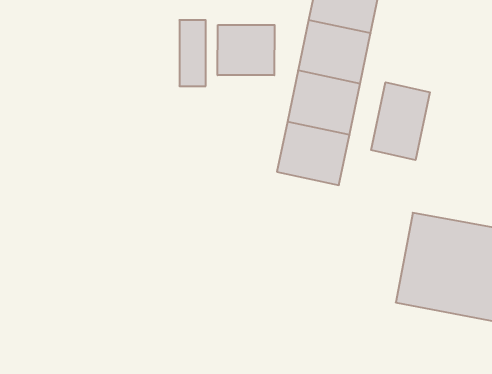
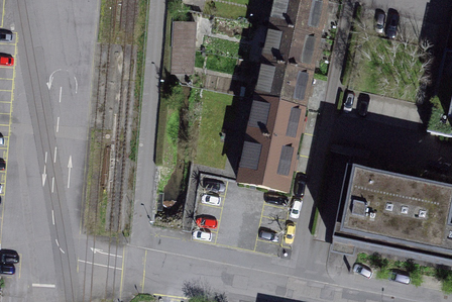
building: [218,25,275,75] -> none
building: [371,82,430,160] -> none
building: none -> [241,138,297,187]

